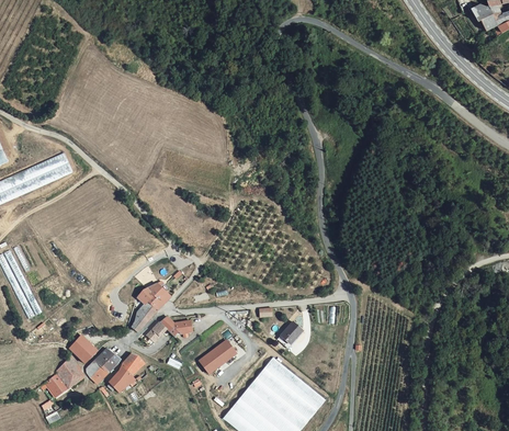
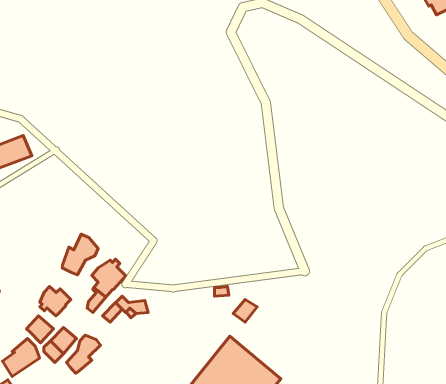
building: none -> [62,234,98,275]
building: none -> [40,287,71,316]
building: [200,339,237,373] -> none

